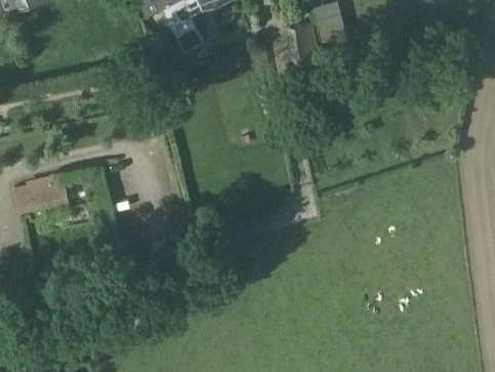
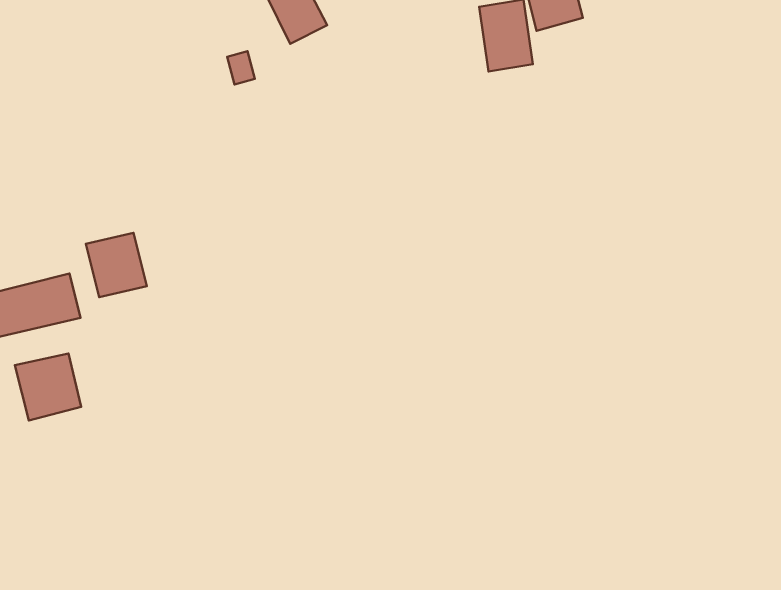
building: none -> [86,233,147,297]
building: none -> [15,353,81,420]

